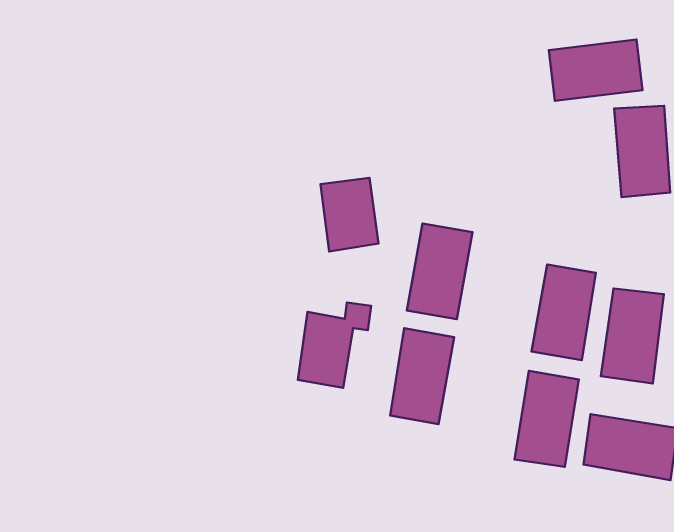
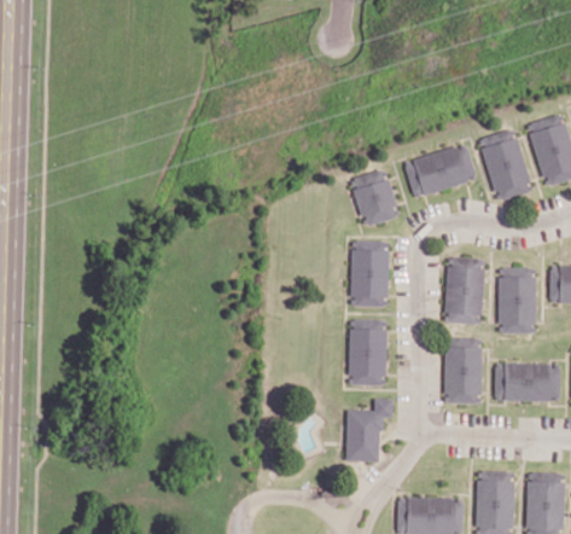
building: [549,40,642,101] -> [404,144,477,197]
building: [321,178,378,251] -> [351,169,400,227]
building: [298,303,371,388] -> [346,399,392,462]

